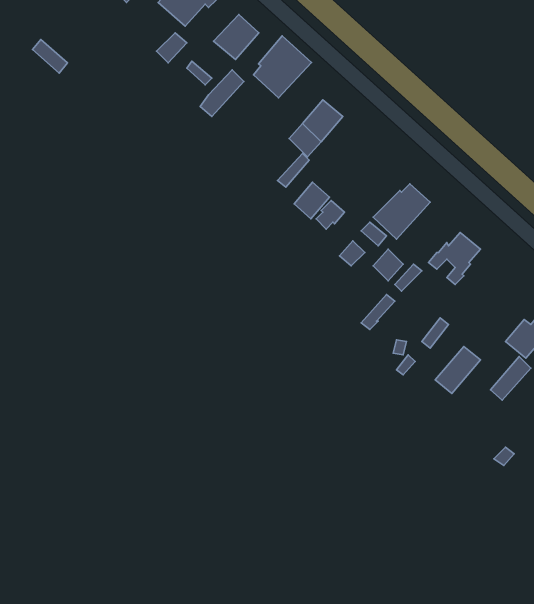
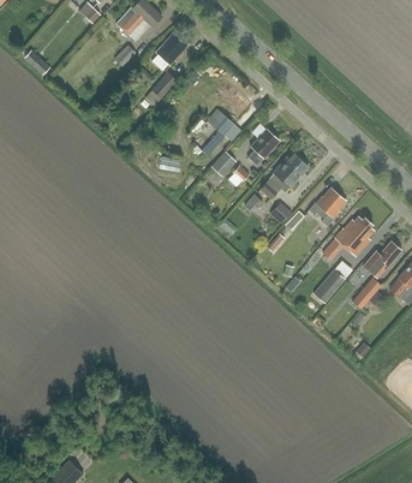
building: [253,36,312,98] -> none
building: none -> [249,129,280,165]
building: none -> [336,217,374,255]

